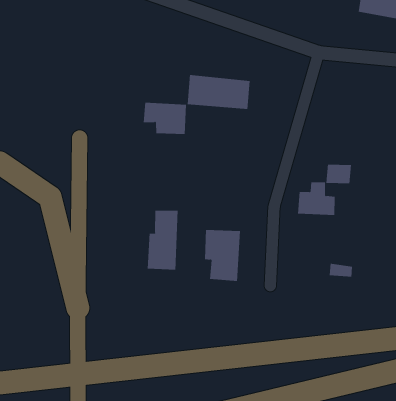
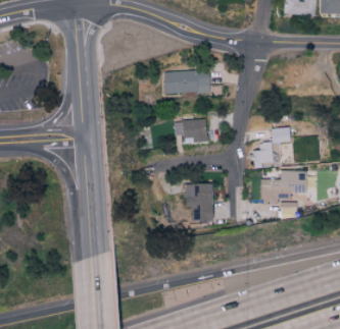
building: [143,102,187,135] -> [176,119,208,143]
building: [147,210,178,270] -> none
building: none -> [261,170,306,205]

